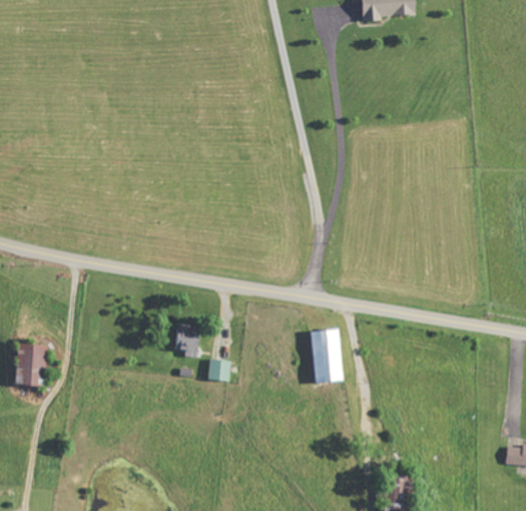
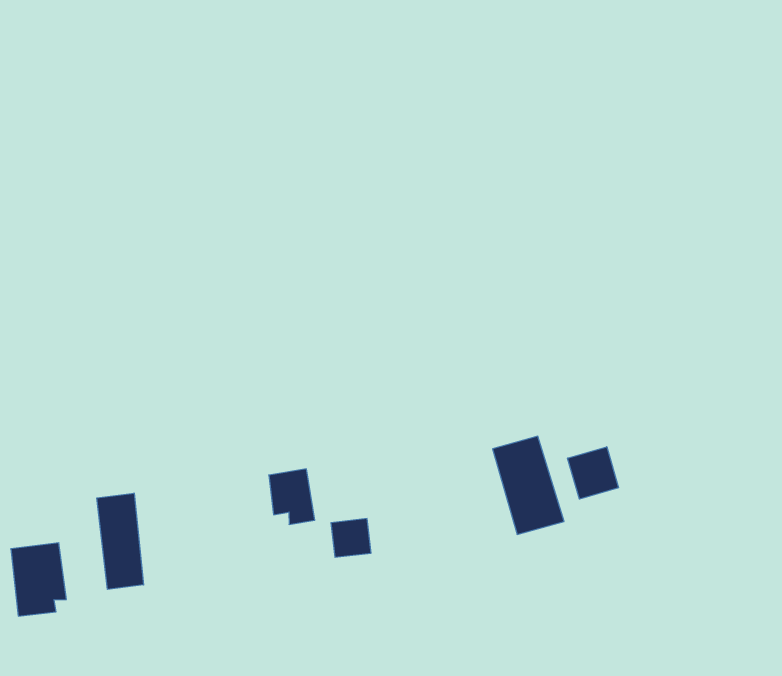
building: none -> [97,493,144,589]
building: none -> [568,447,619,499]

